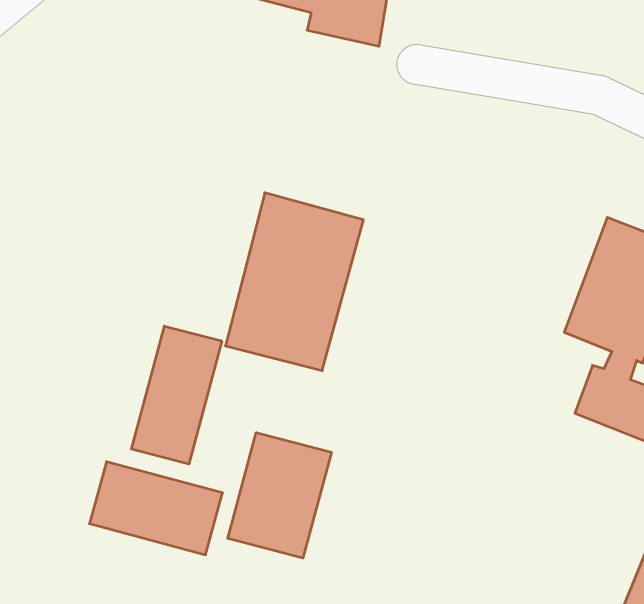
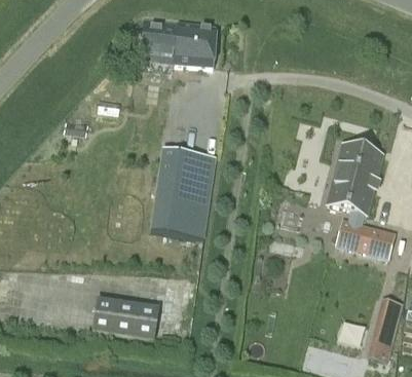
building: [131,326,222,464] -> none
building: [228,433,331,558] -> none

